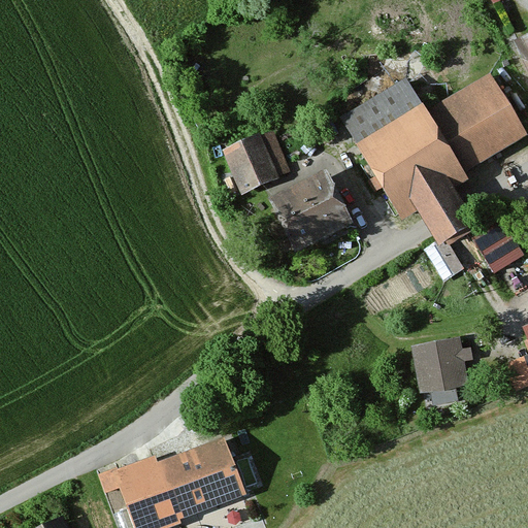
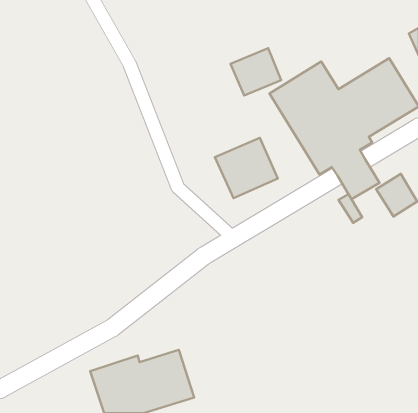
building: [224,131,288,191] -> [230,48,281,96]
building: [411,337,469,393] -> none

